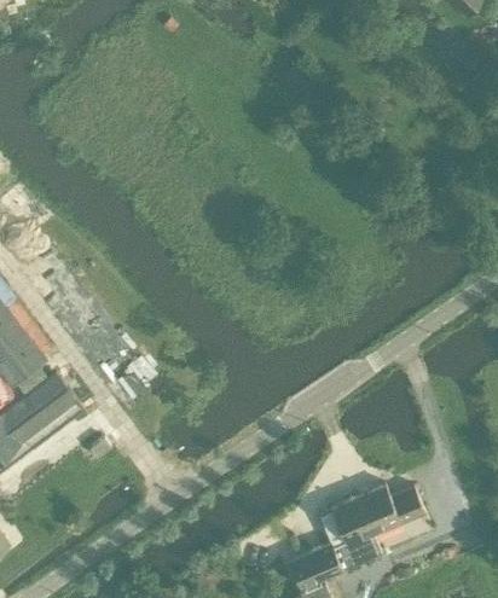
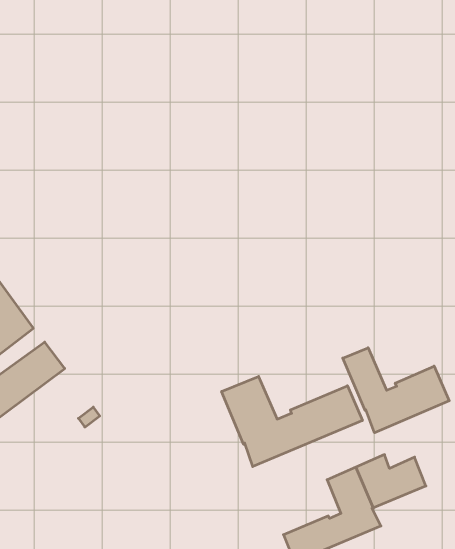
building: none -> [343,348,449,433]
building: none -> [222,376,362,467]

